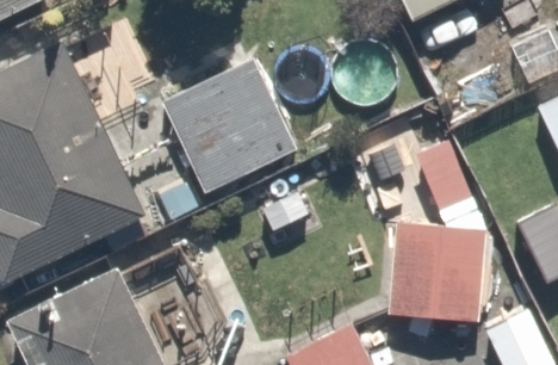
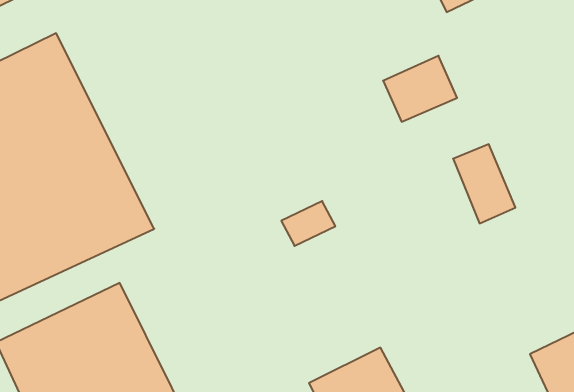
building: [161,60,299,194] -> none
building: [385,219,488,321] -> none

